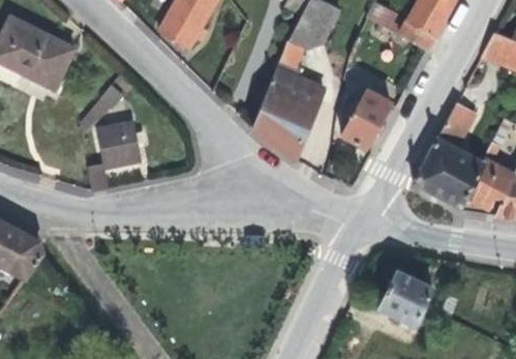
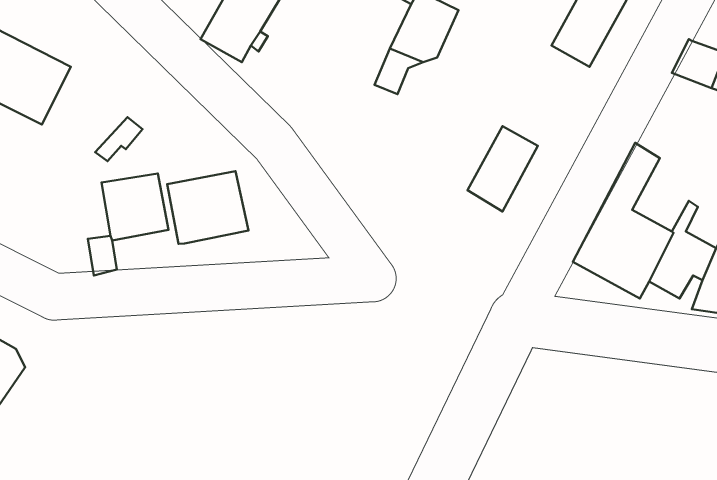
building: [252,70,323,158] -> none
building: none -> [167,171,248,244]
building: [382,271,433,326] -> none

